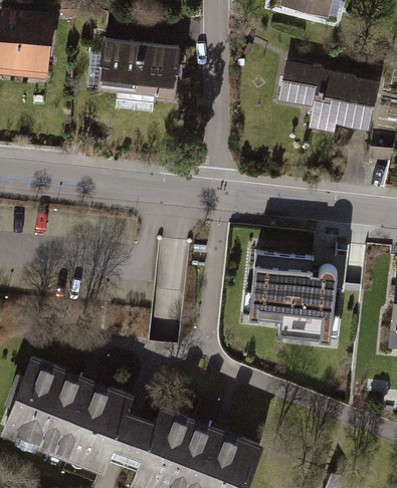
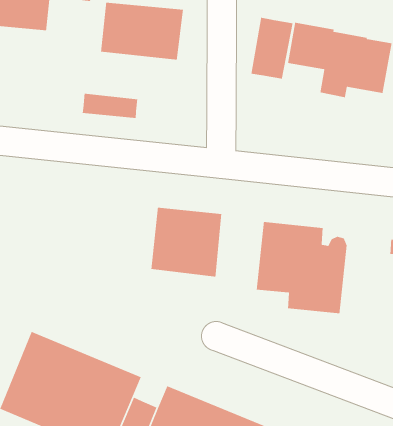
building: none -> [250,17,294,79]
building: none -> [82,93,138,119]
building: none -> [150,207,222,277]

